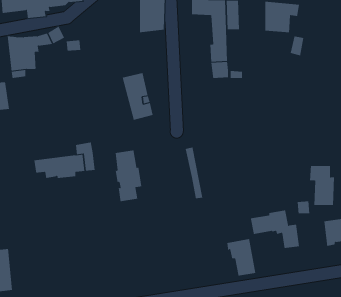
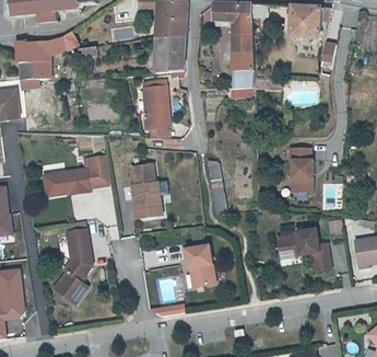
building: none -> [156,34,185,72]
building: [309,166,335,205] -> [288,147,316,189]
building: none -> [55,229,92,303]
building: [226,239,256,276] -> [184,245,215,286]

